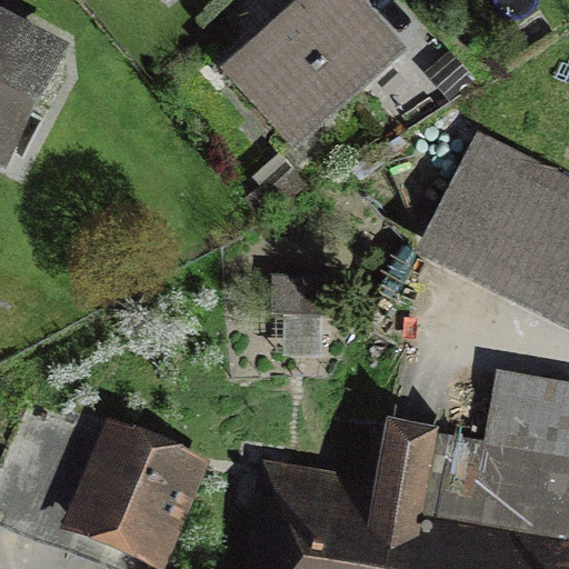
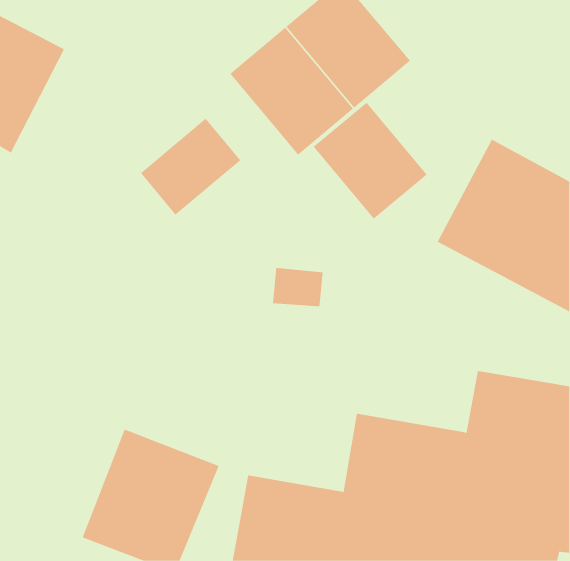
building: none -> [313,102,428,220]
building: none -> [140,118,241,215]

